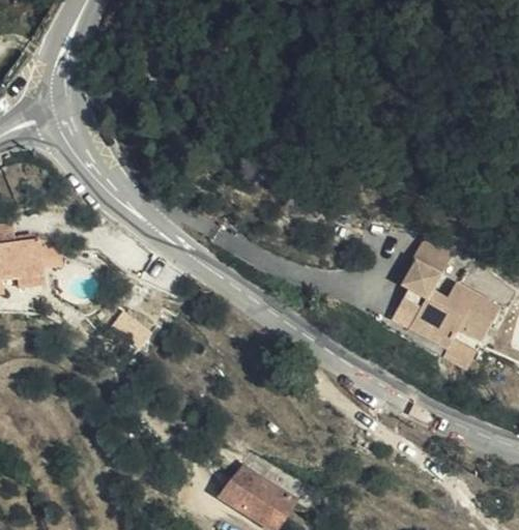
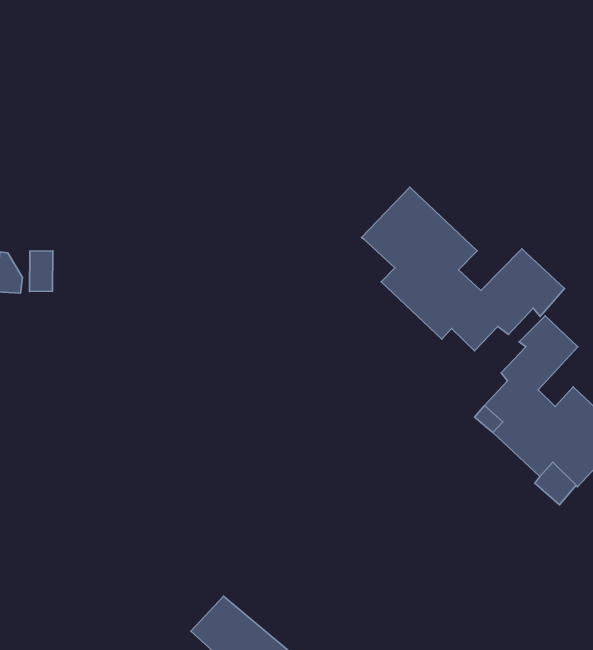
building: none -> [362,187,564,351]

